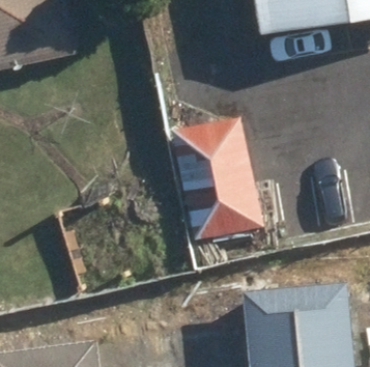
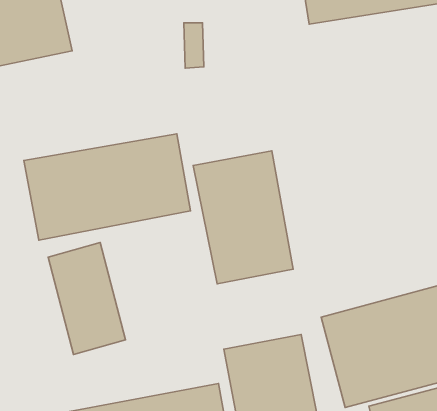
building: none -> [24,134,191,240]

